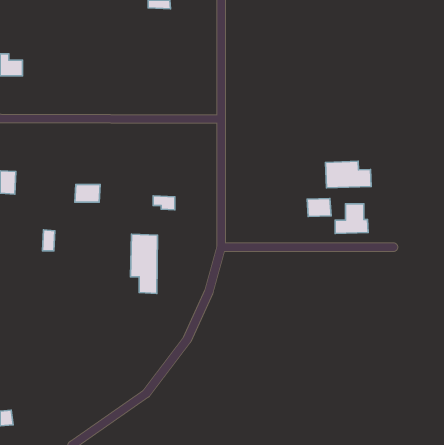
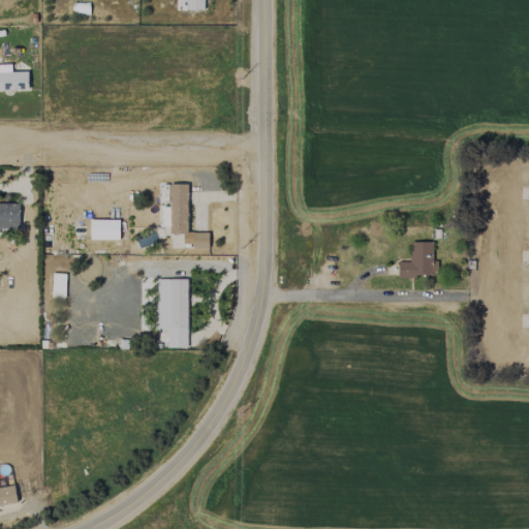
building: none -> [169,184,188,234]
building: [325,161,371,188] -> none
building: [307,199,331,216] -> none

